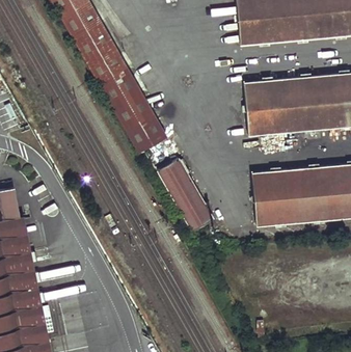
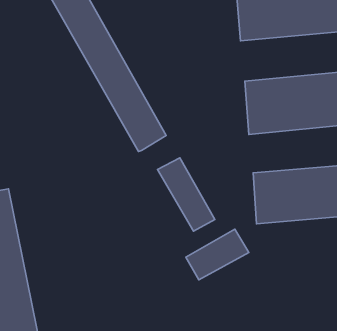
building: none -> [186,229,249,280]

